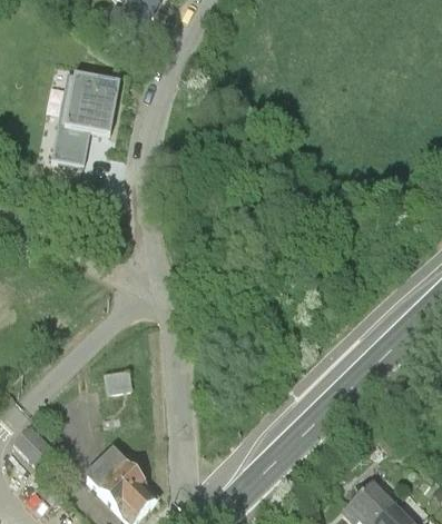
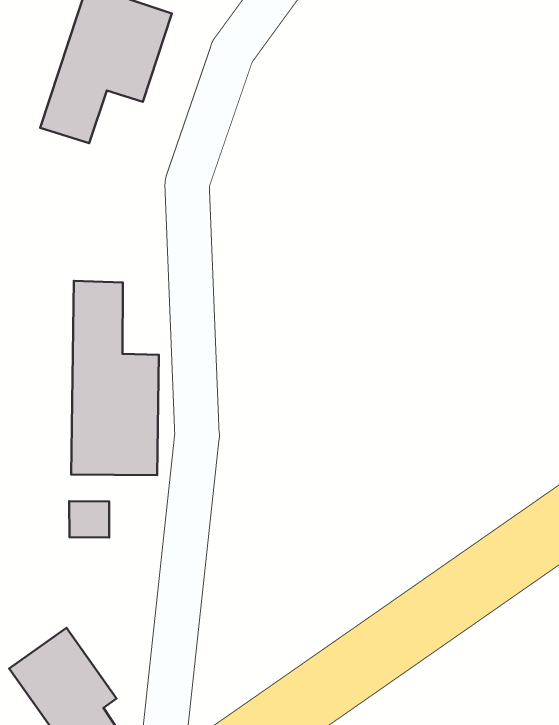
building: none -> [71,281,159,475]

